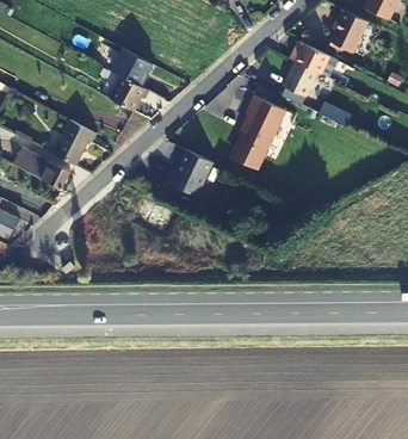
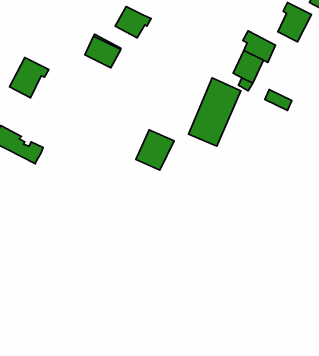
building: [112,74,152,109] -> [115,6,151,38]
building: [58,120,101,165] -> [10,57,49,98]

